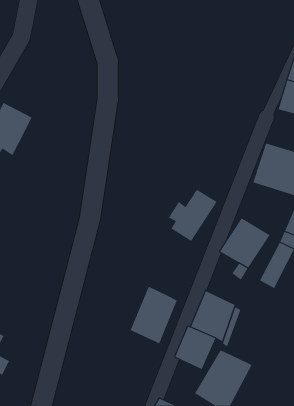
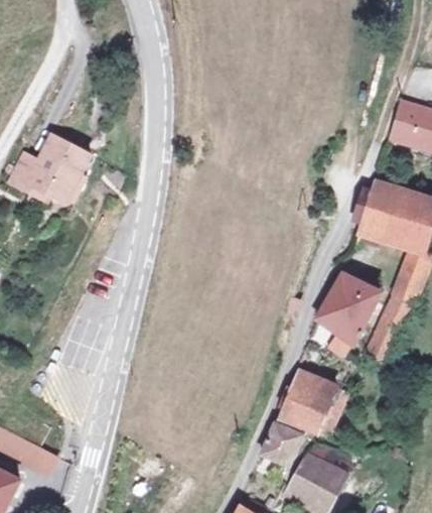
building: [168,189,218,242] -> none
building: [130,286,178,344] -> none

